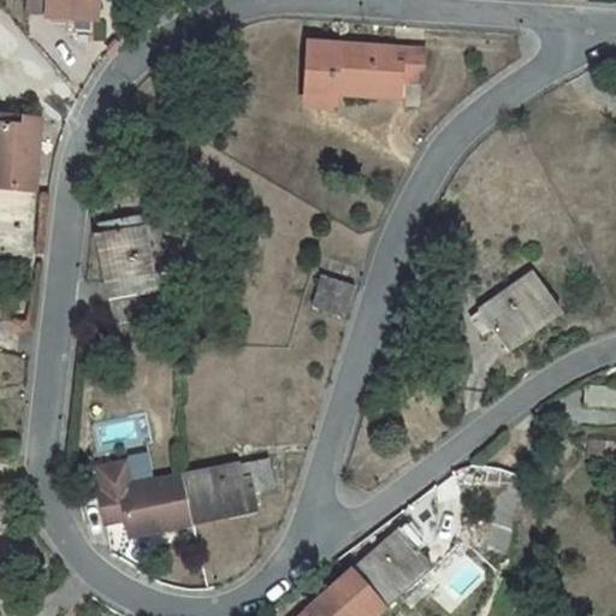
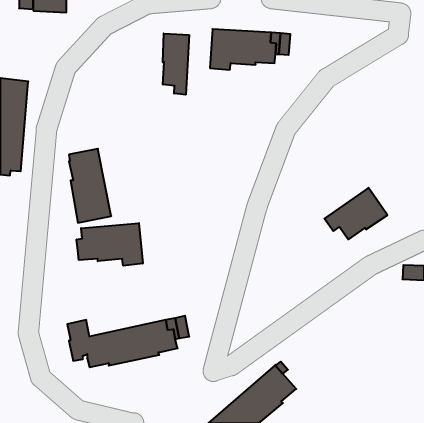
building: none -> [163,33,189,95]
building: [313,273,355,315] -> none
building: none -> [77,223,143,266]

